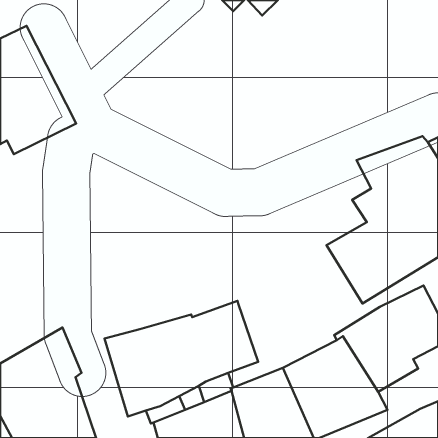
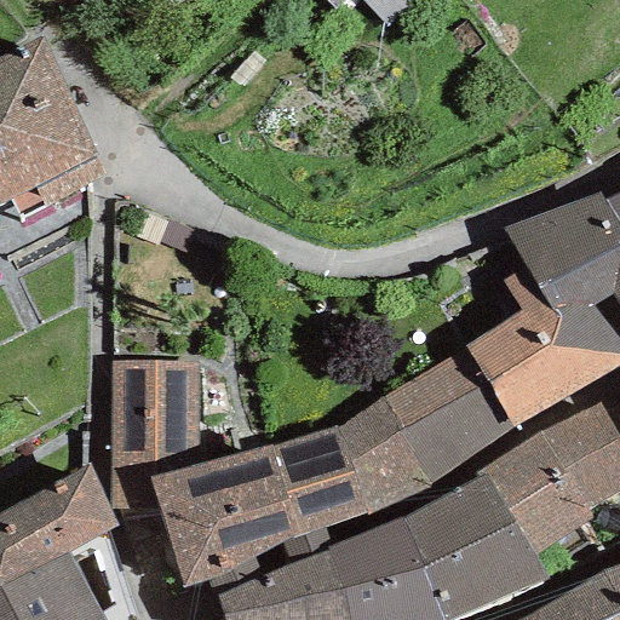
building: none -> [337,346,512,515]
building: none -> [109,361,197,511]

